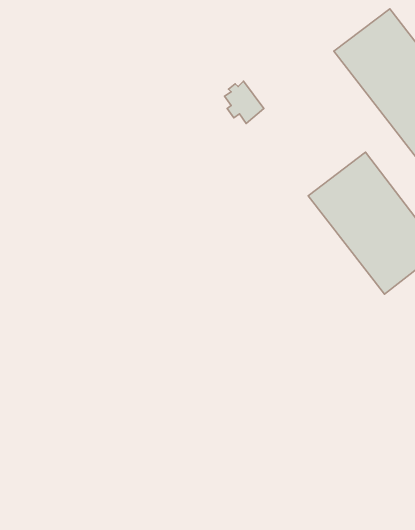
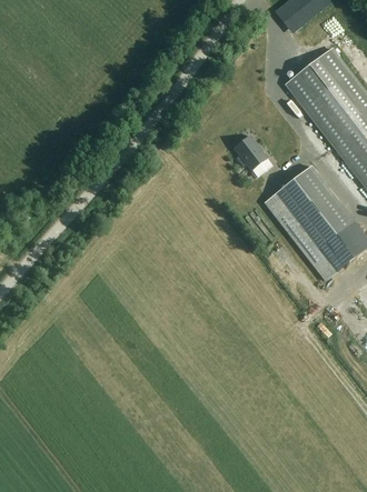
building: [224,81,264,123] -> [234,134,266,169]

